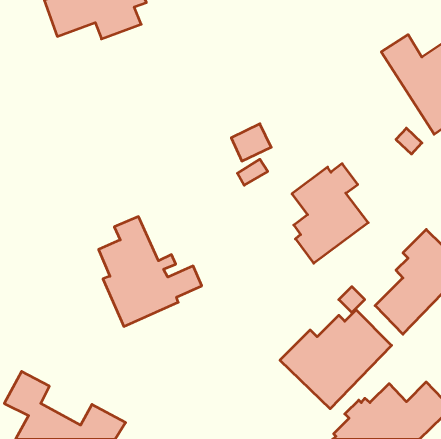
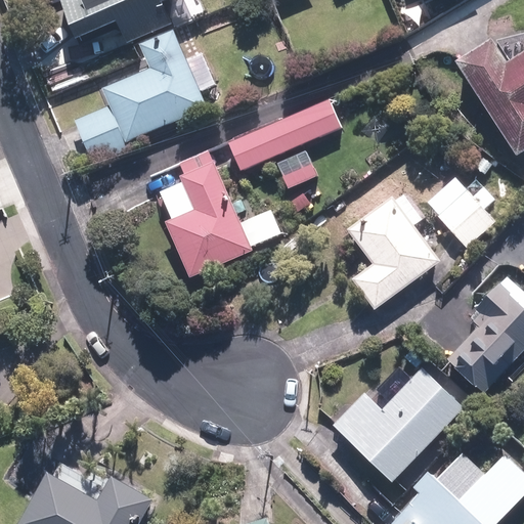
building: none -> [74,33,217,166]
building: none -> [227,98,341,172]
building: none -> [428,176,499,249]
building: [99,217,202,326] -> [160,149,281,279]

